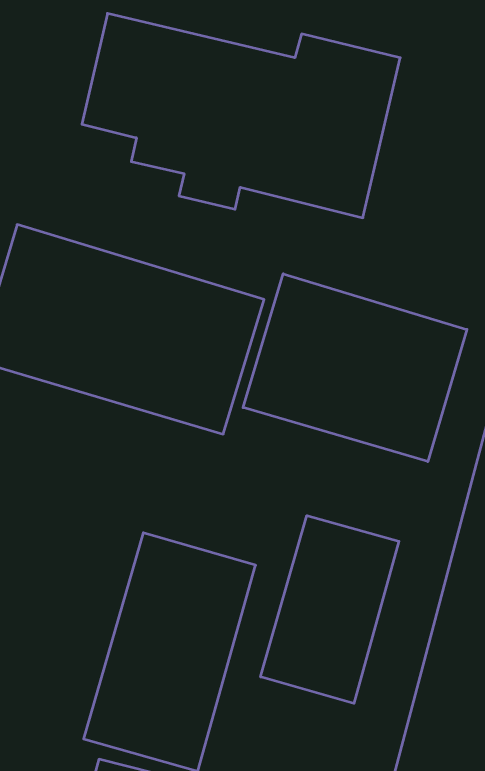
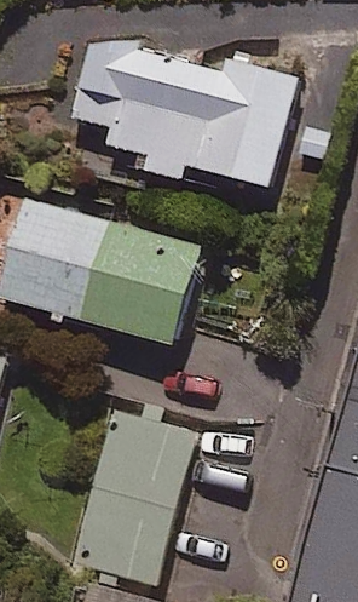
building: [243,274,467,462] -> none
building: [261,516,399,703] -> none

